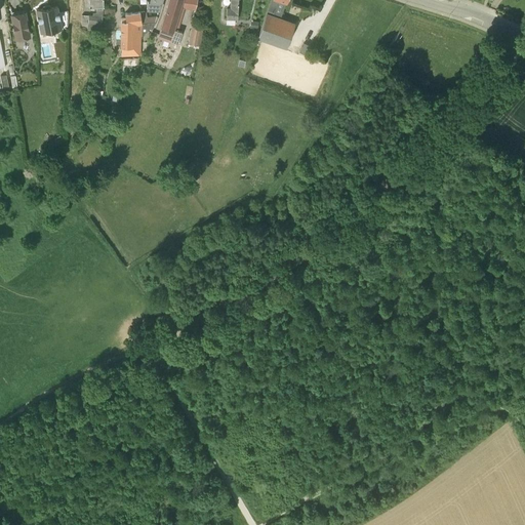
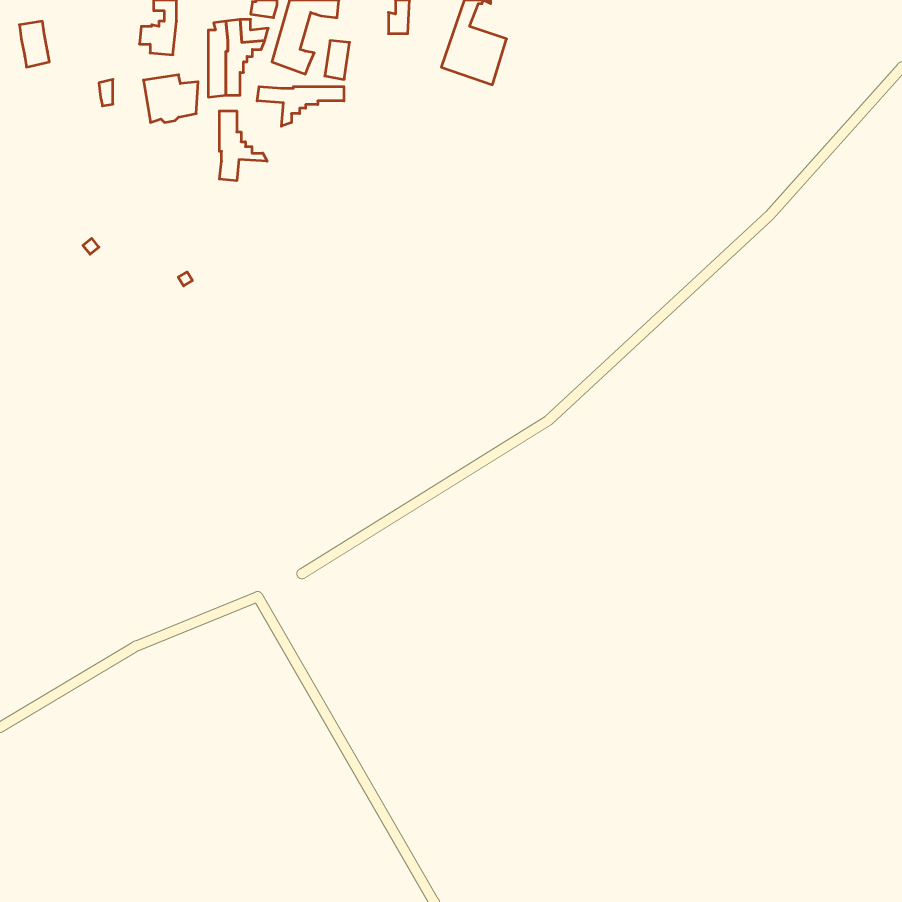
building: [36,6,68,34] -> [143,75,198,122]
building: none -> [257,87,344,126]
building: none -> [219,111,267,181]

